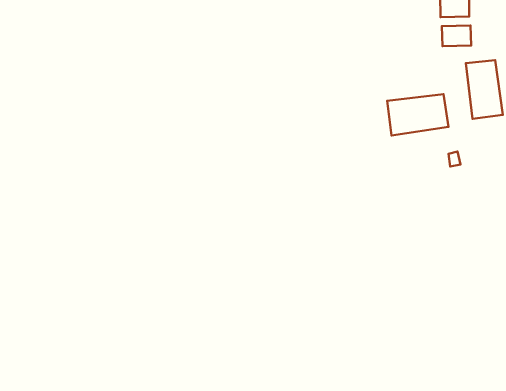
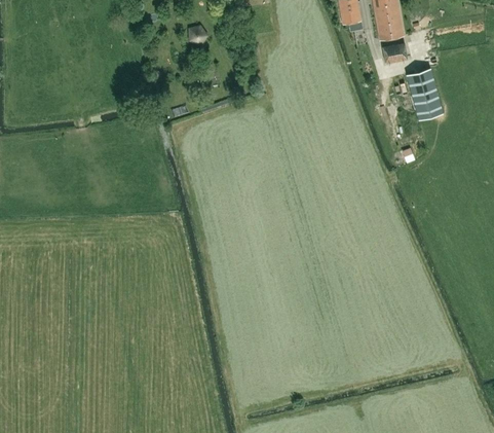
building: [387,94,449,136] -> none

